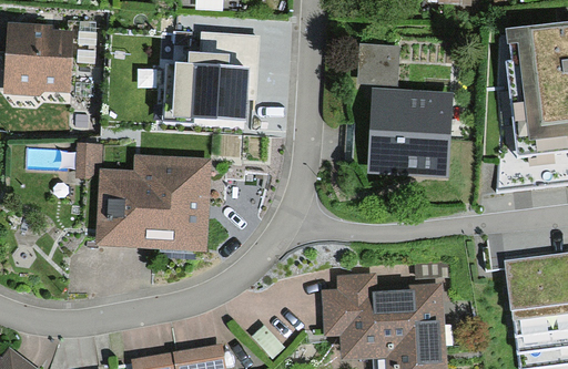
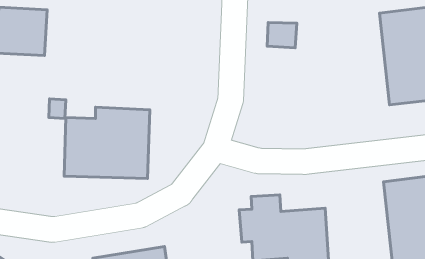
building: [168,31,262,115] -> none
building: [365,90,449,176] -> none

